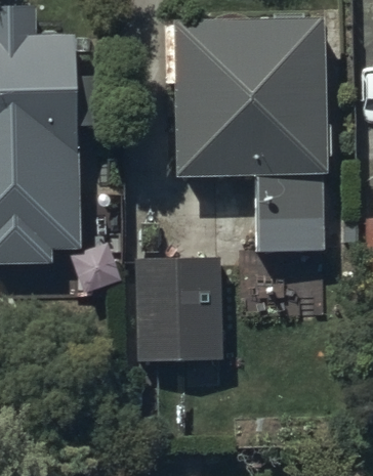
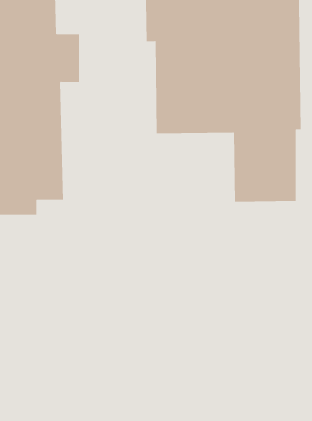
building: [134,256,222,359] -> none

